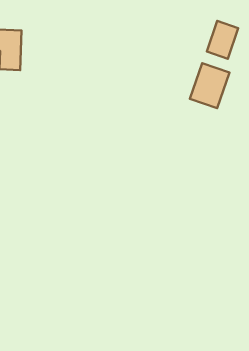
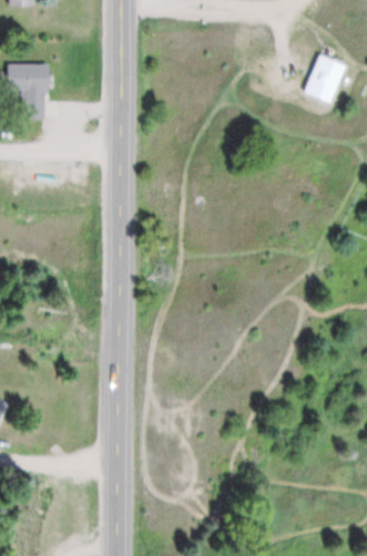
building: [190,63,229,108] -> none

